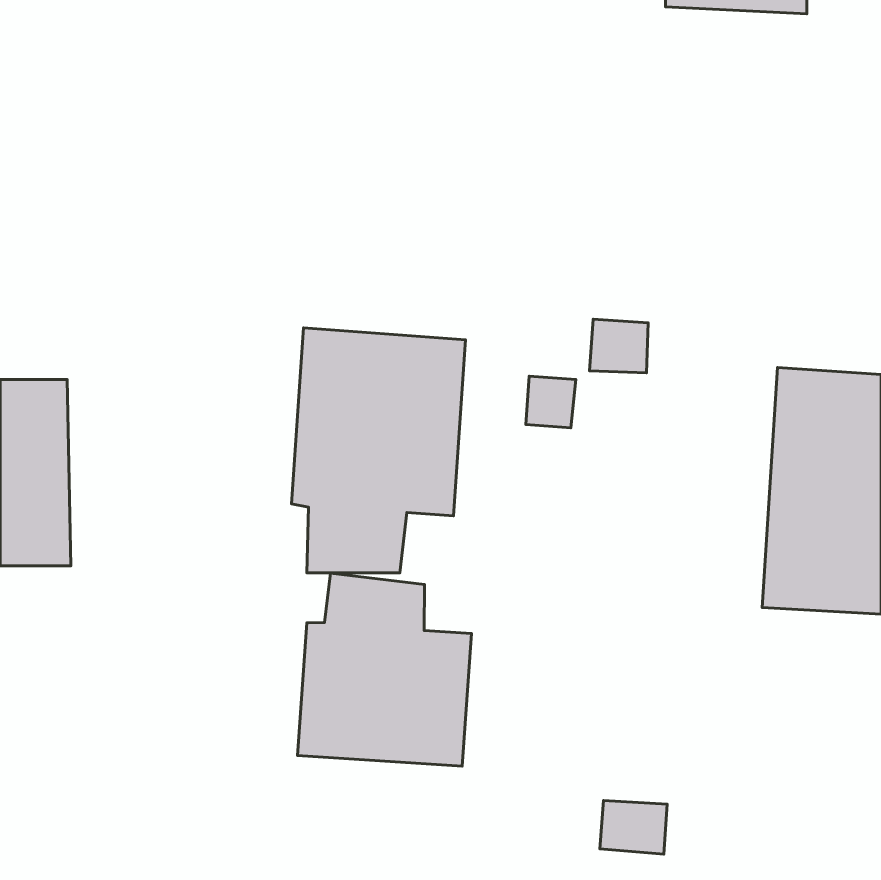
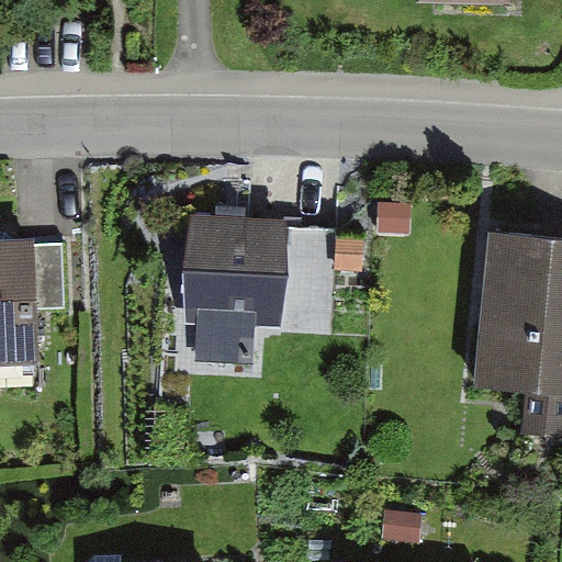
building: [298,573,471,766] -> none

